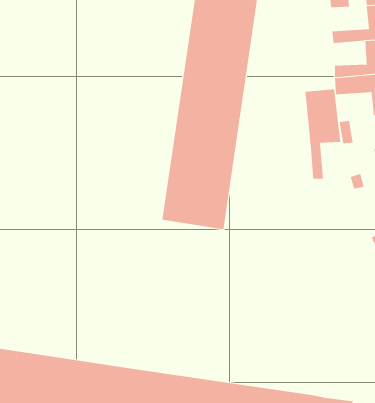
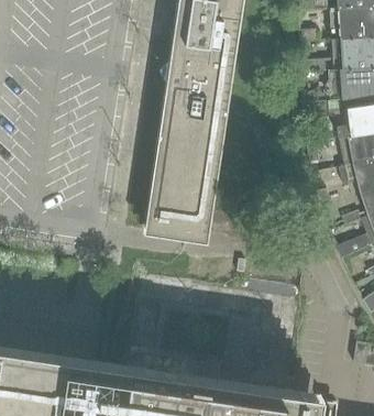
building: [305,88,341,180] -> none

